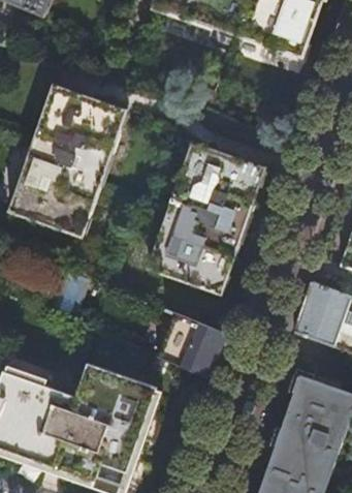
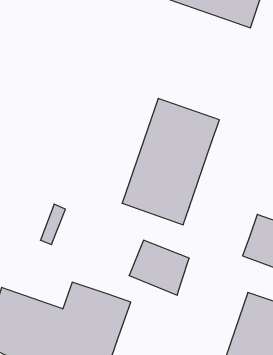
building: [9,84,126,238] -> none

